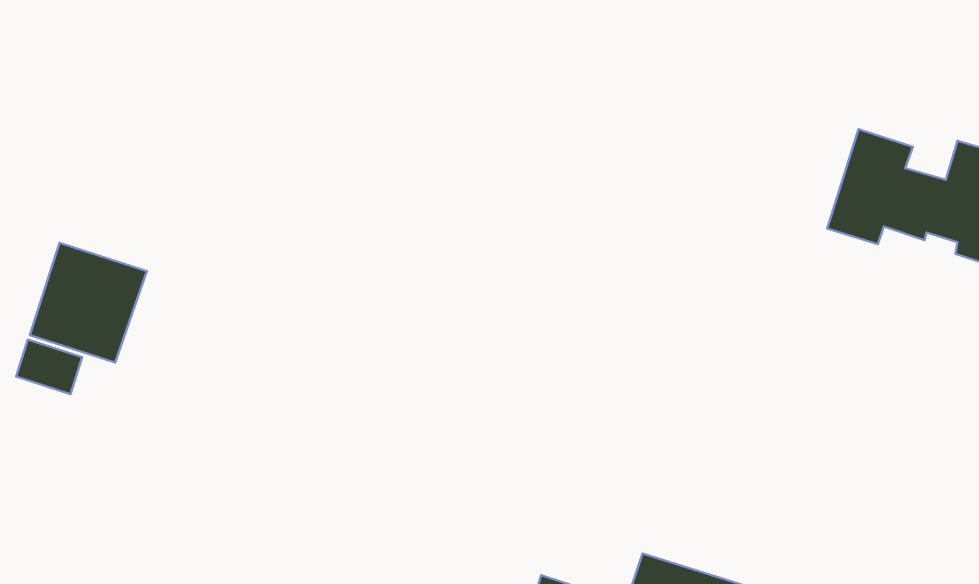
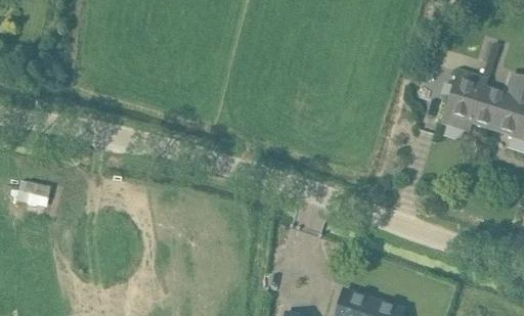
building: [30,243,147,362] -> none

